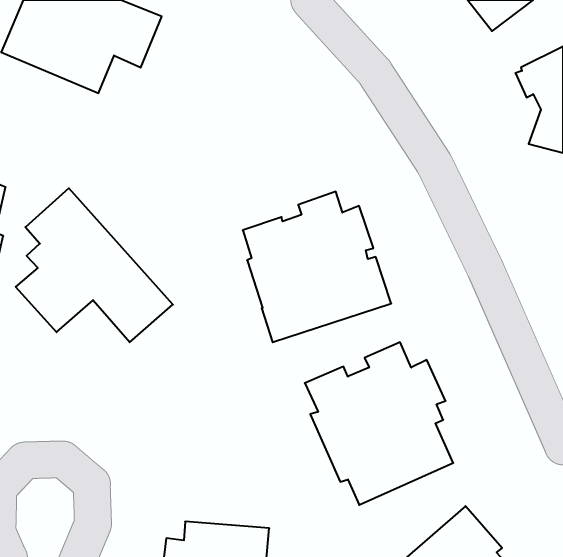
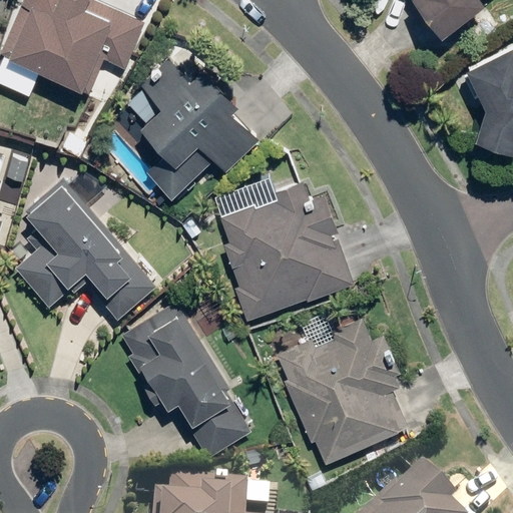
building: none -> [139,58,264,197]
building: none -> [120,304,250,458]

